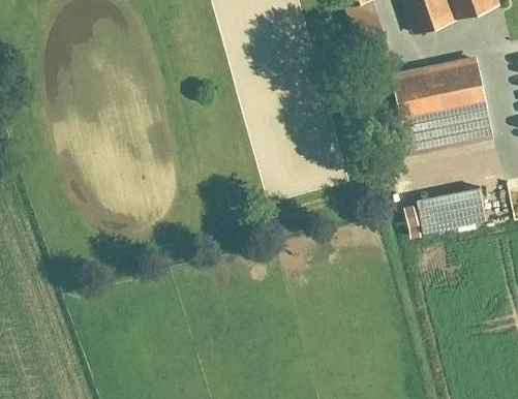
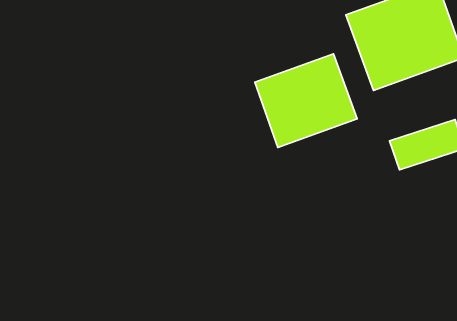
building: none -> [255,54,357,147]

